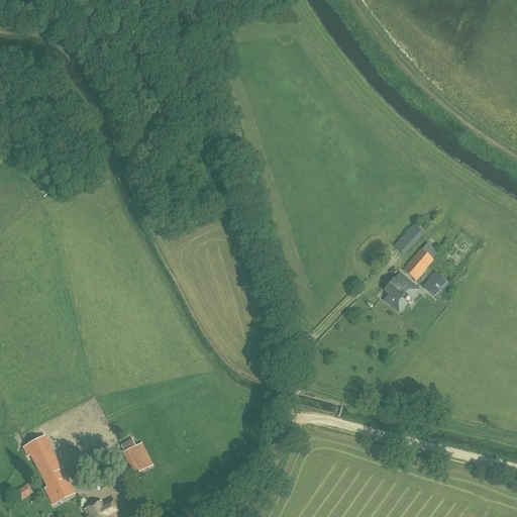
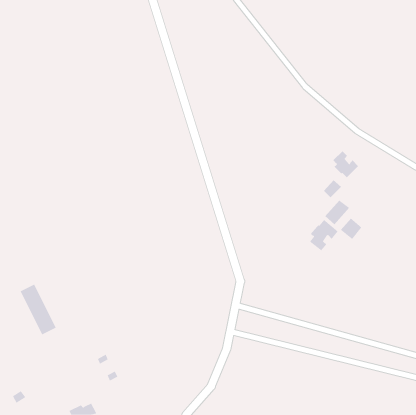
building: none -> [332,151,359,178]
building: [26,436,72,500] -> [20,284,56,335]

